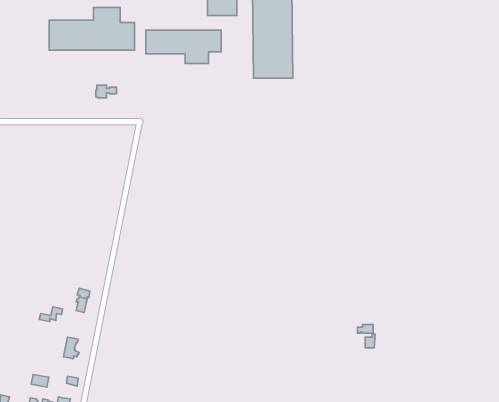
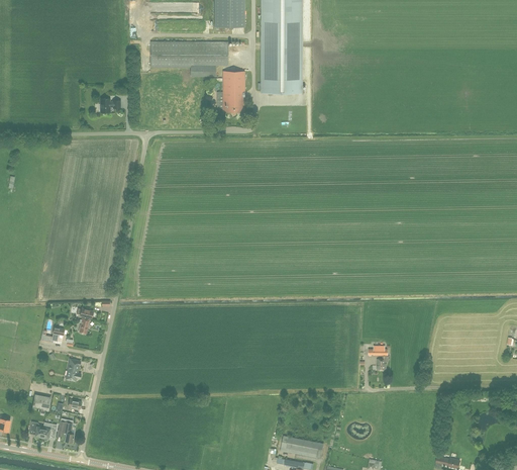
building: [49,7,135,50] -> none
building: none -> [222,72,244,112]

